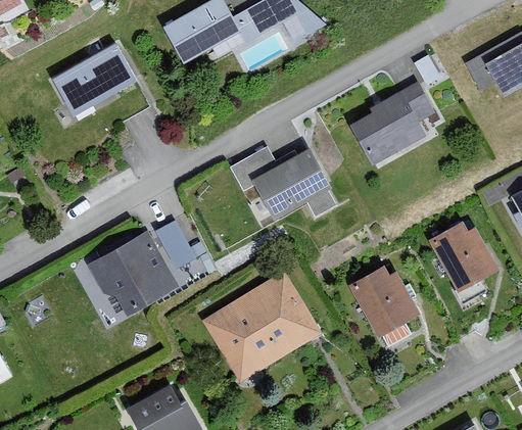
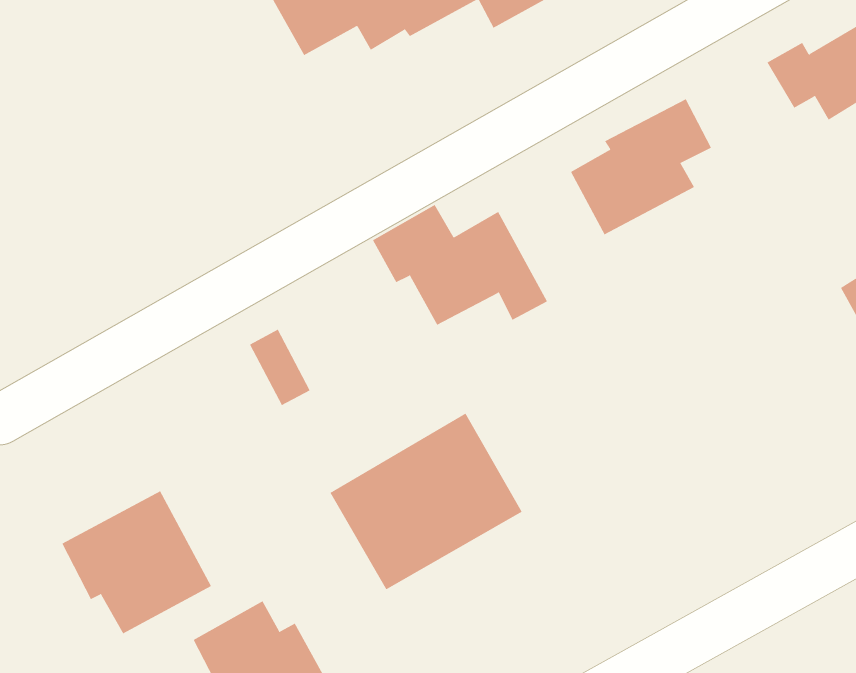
building: [52,44,133,114] -> none
building: [427,222,499,292] -> none
building: [88,230,178,316] -> [61,491,212,634]
building: [346,264,417,343] -> none

